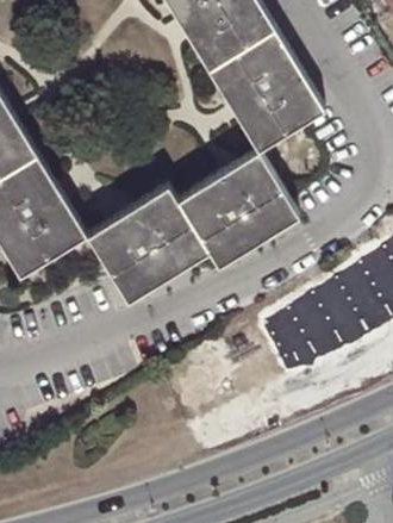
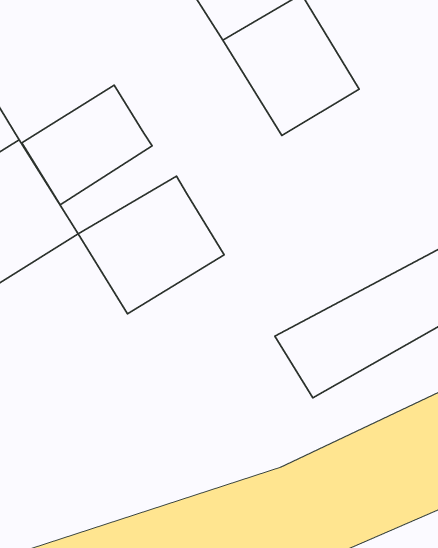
building: none -> [22,85,152,205]
building: [179,150,300,266] -> none

